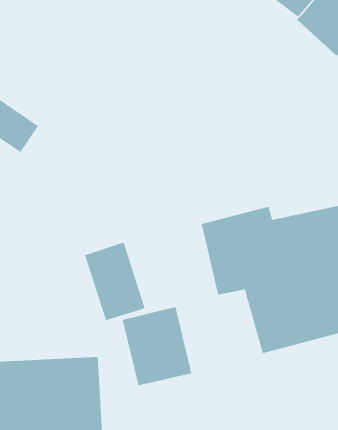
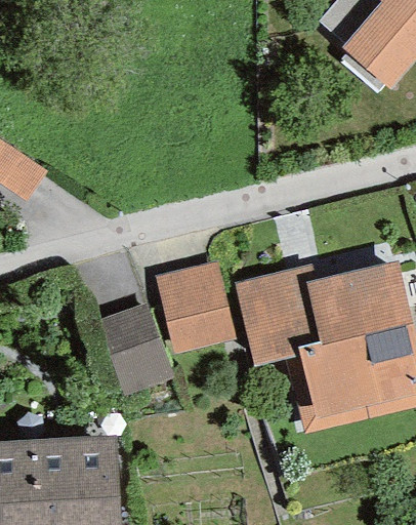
building: [122,307,192,386] -> [157,262,238,354]

